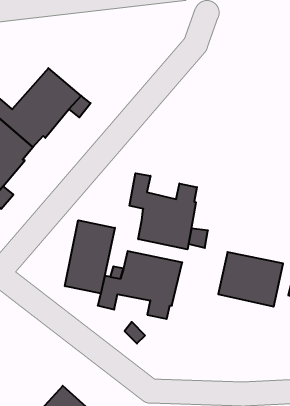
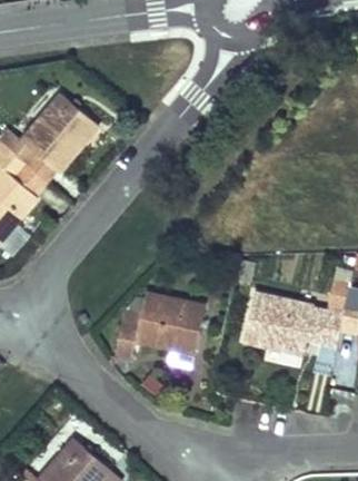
building: [129,173,197,249] -> none
building: [65,220,115,293] -> none

